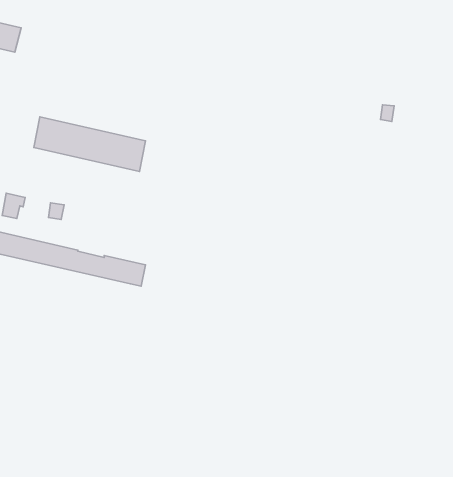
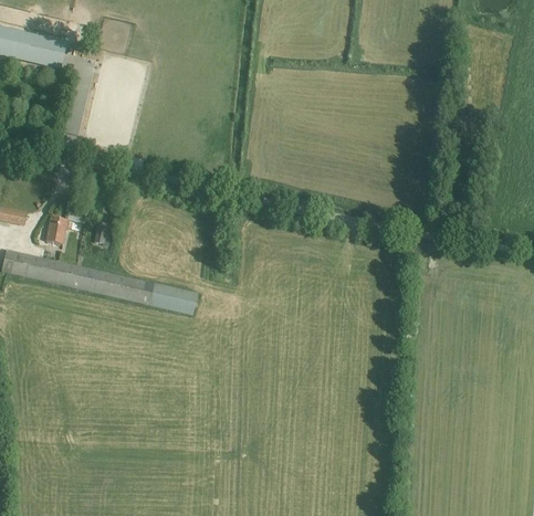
building: [34,117,145,171] -> none

